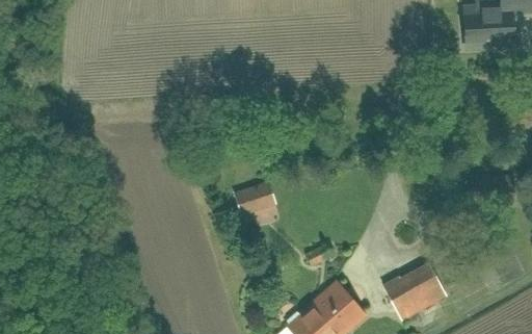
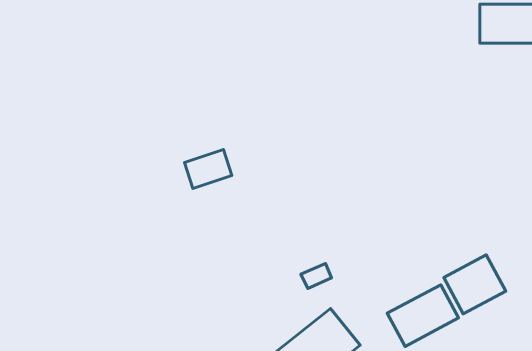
building: [237,180,278,214] -> [184,149,232,188]
building: none -> [444,255,506,314]

